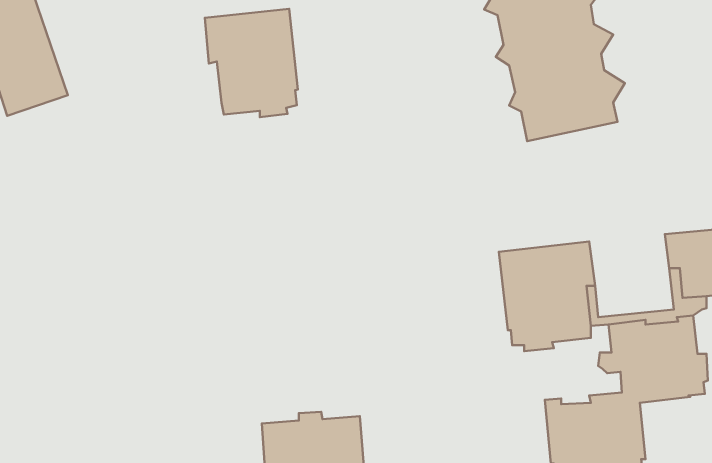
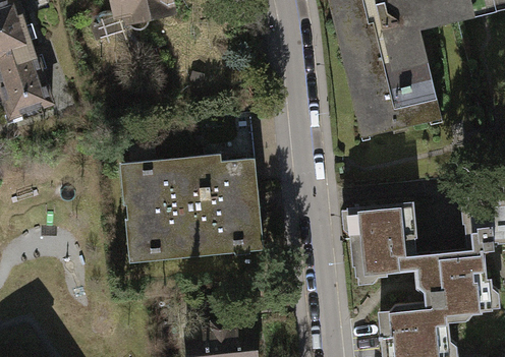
building: [205,9,298,117] -> none
building: none -> [125,155,258,258]

